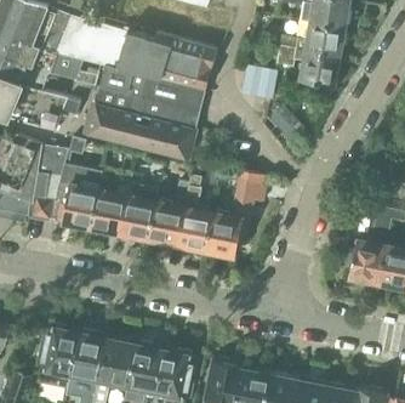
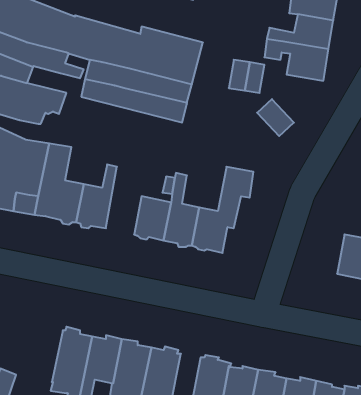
building: [82,101,198,160] -> none
building: [120,171,155,239] -> none
building: [38,323,78,384] -> none

